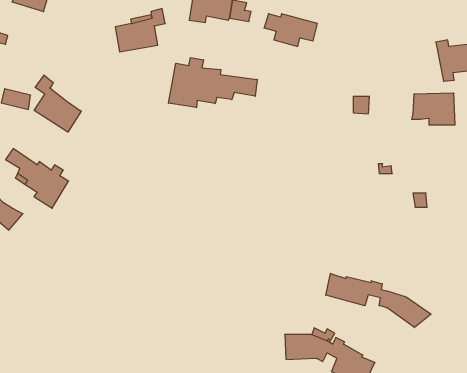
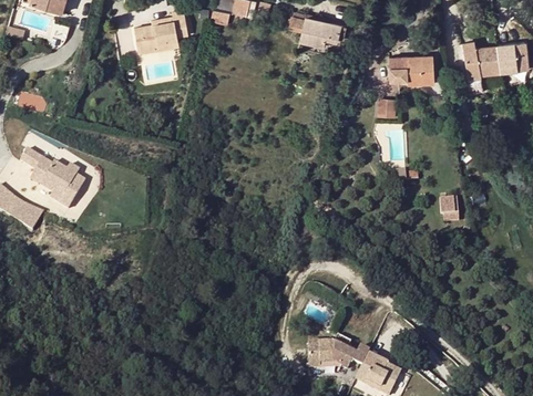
building: [168,58,257,108] -> none
building: [34,75,81,132] -> none
building: [412,93,455,125] -> [389,55,433,87]
building: [326,273,431,328] -> none

